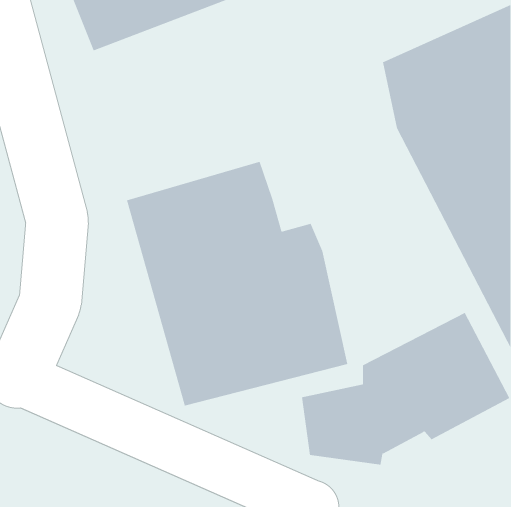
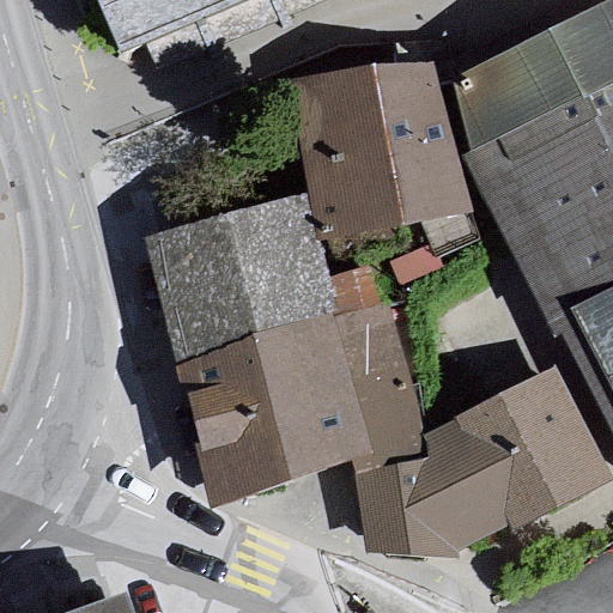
building: none -> [295,60,477,238]

